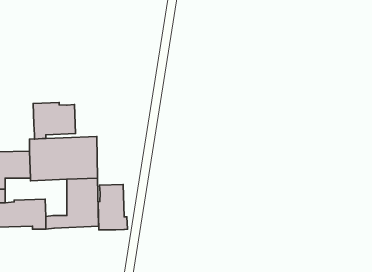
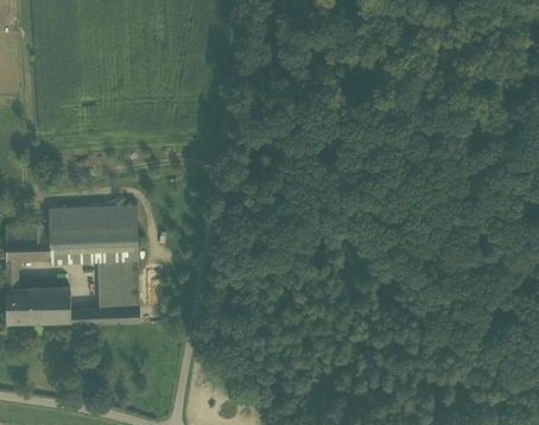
building: [33,103,75,139] -> none
building: [98,184,128,230] -> none

